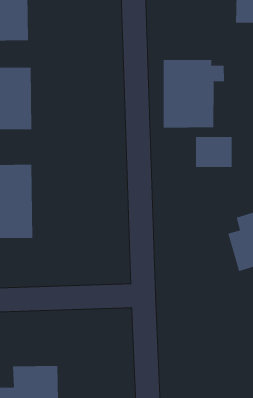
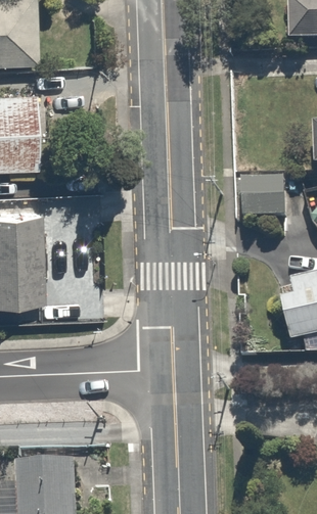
building: [163,59,224,129] -> none

